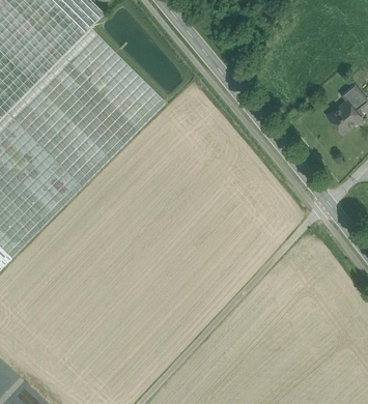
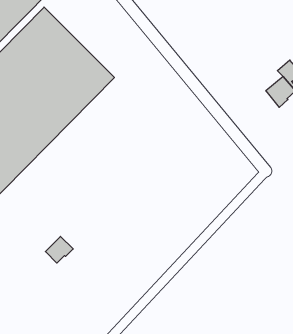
building: none -> [45,236,73,263]

